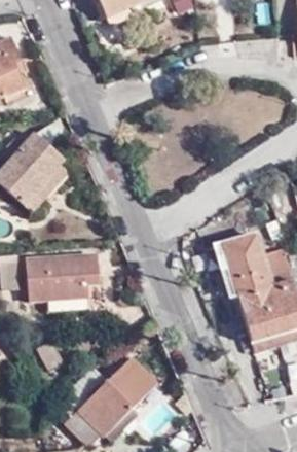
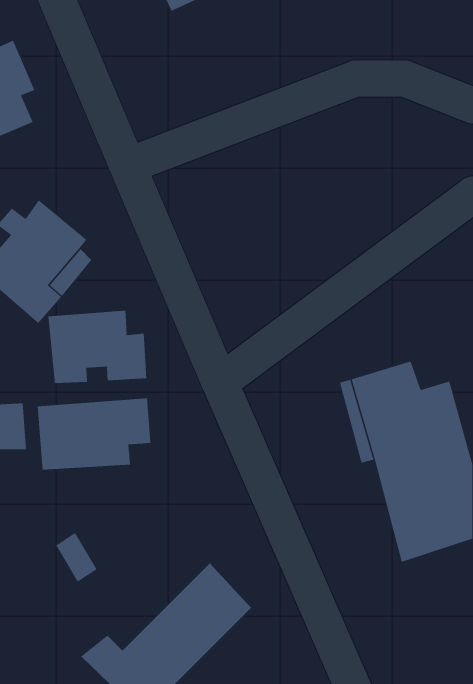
building: none -> [48,310,147,384]

